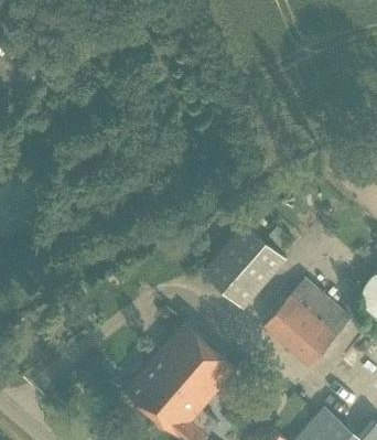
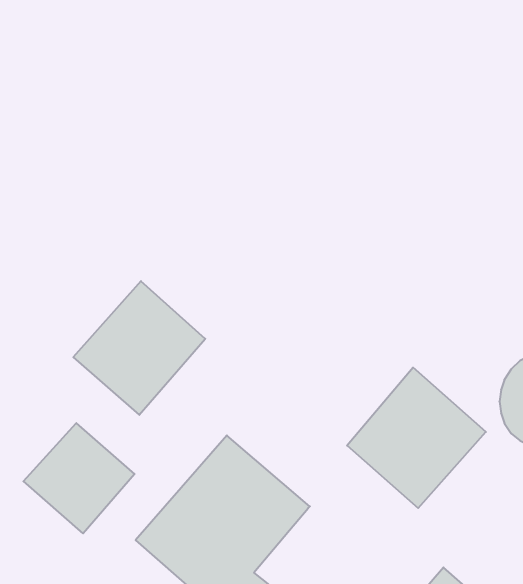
building: [201,222,287,309] -> [73,281,205,415]
building: none -> [23,423,135,533]

